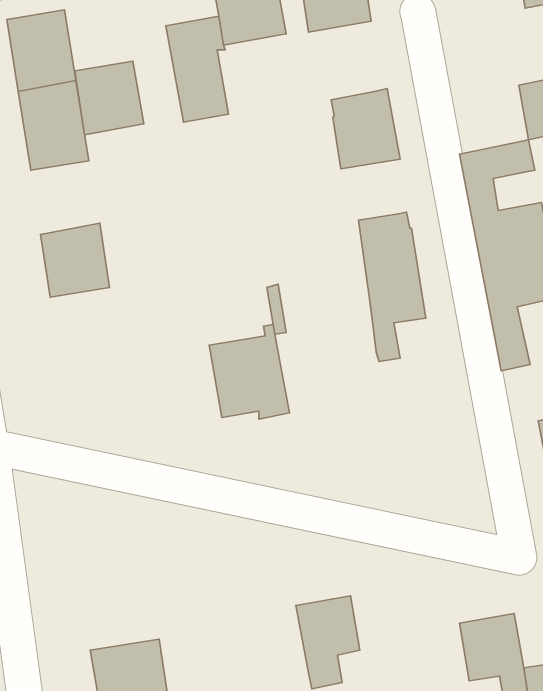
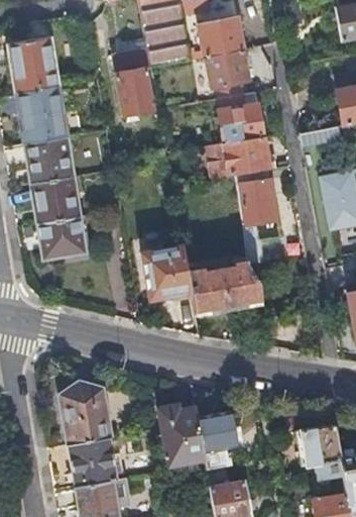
building: none -> [205,49,249,99]
building: [75,61,144,135] -> [30,137,74,184]
building: none -> [209,136,274,178]
building: none -> [39,216,88,258]
building: none -> [187,257,263,315]
building: none -> [60,382,112,445]
building: none -> [159,405,205,466]

